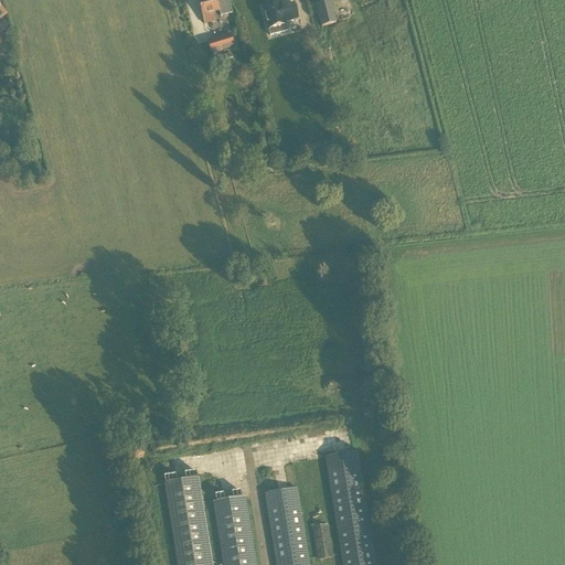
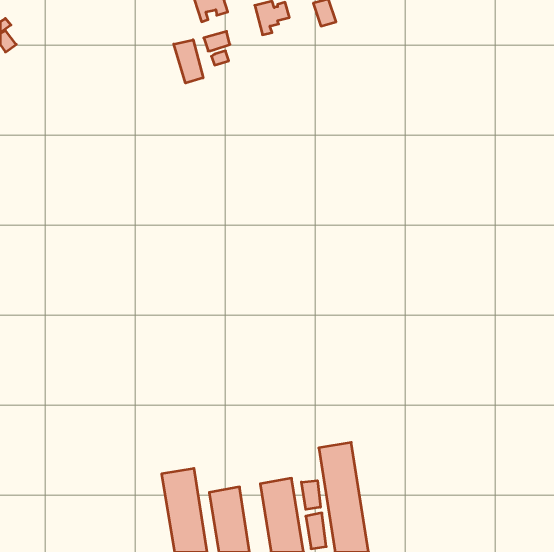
building: none -> [174,40,203,83]
building: none -> [301,481,320,509]

